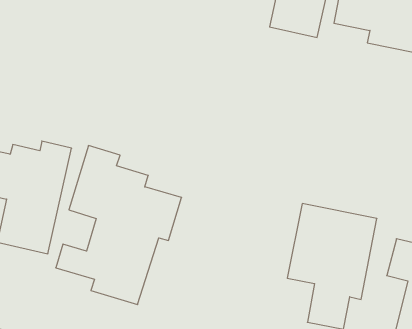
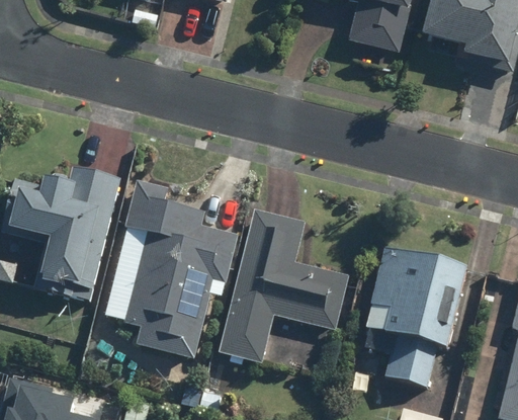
building: none -> [222,209,352,361]

